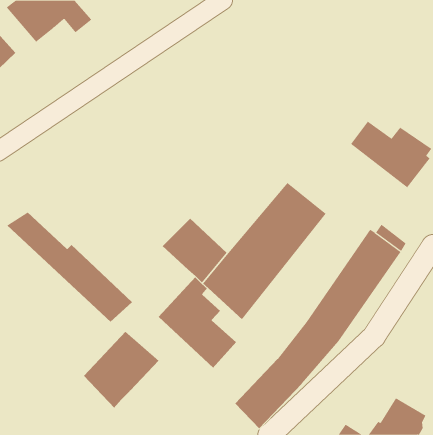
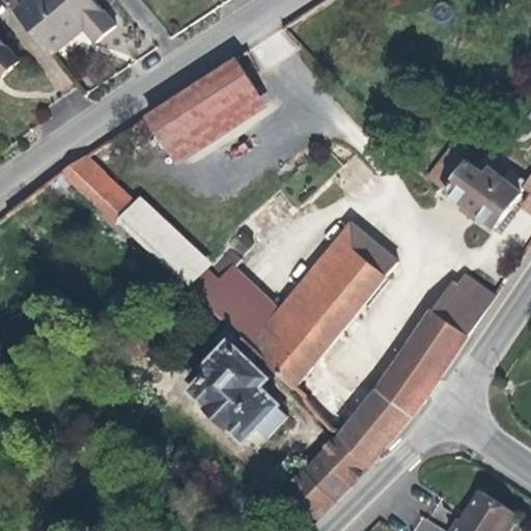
building: none -> [145,58,264,164]
building: [7,212,133,322] -> [60,156,214,290]
building: [83,331,159,409] -> none

